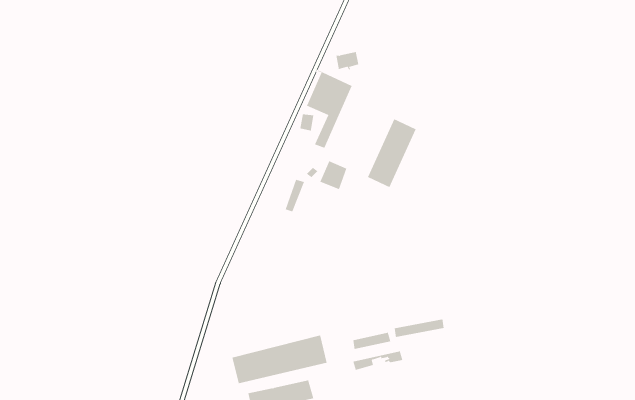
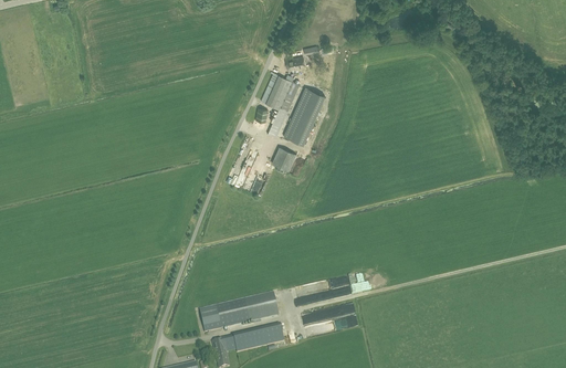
building: [367,119,416,188] -> [283,86,324,144]

